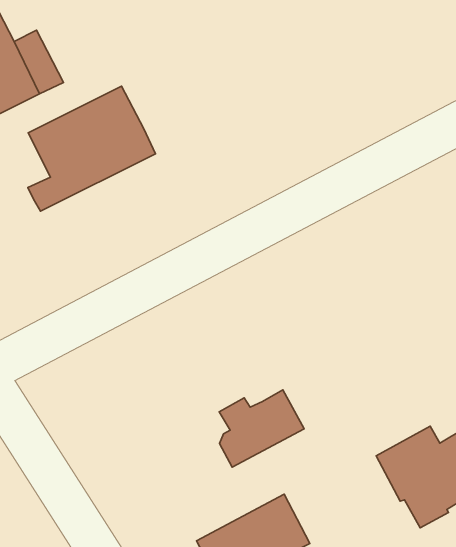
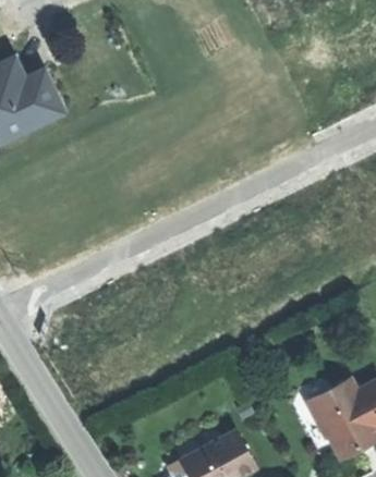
building: [28,86,155,211] -> none
building: [219,390,304,467] -> none

